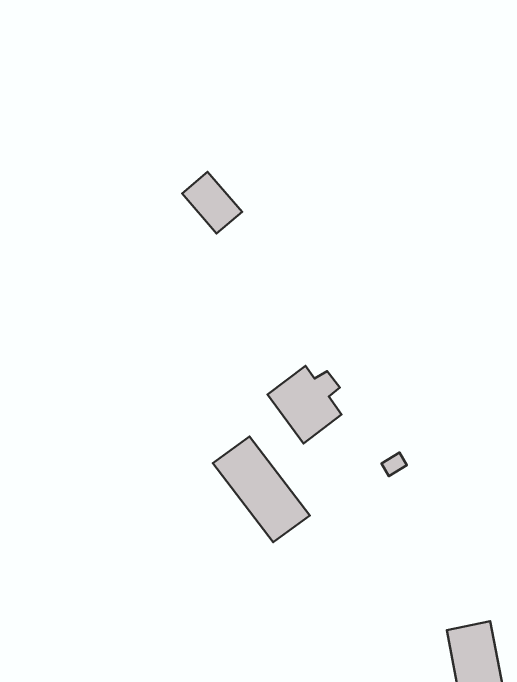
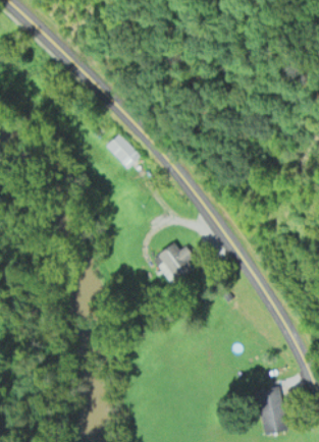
building: [213,436,310,542] -> none

